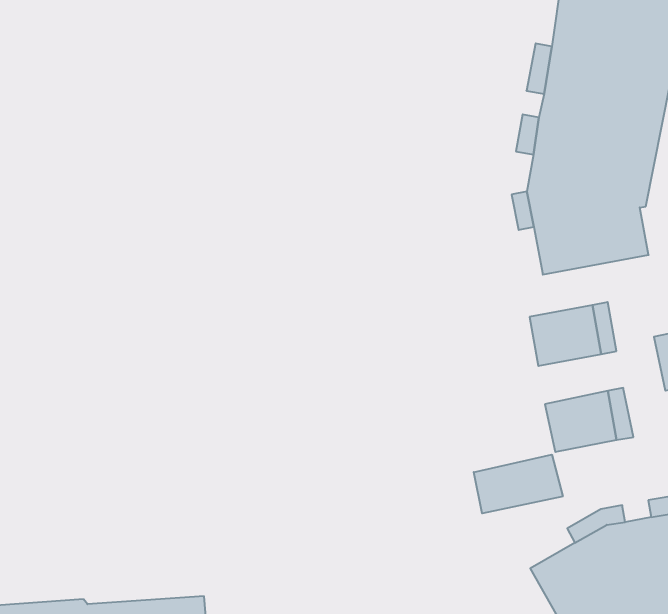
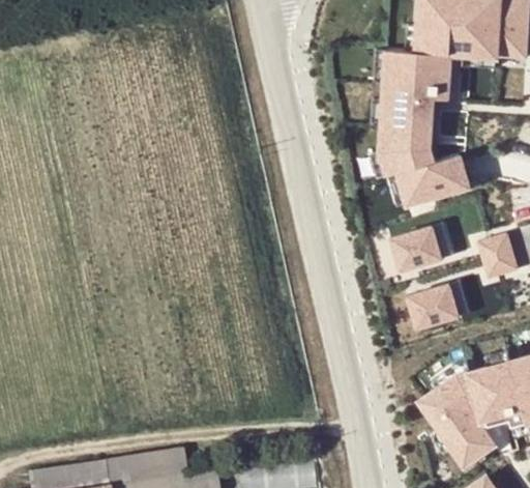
building: [474,455,563,513] -> none

